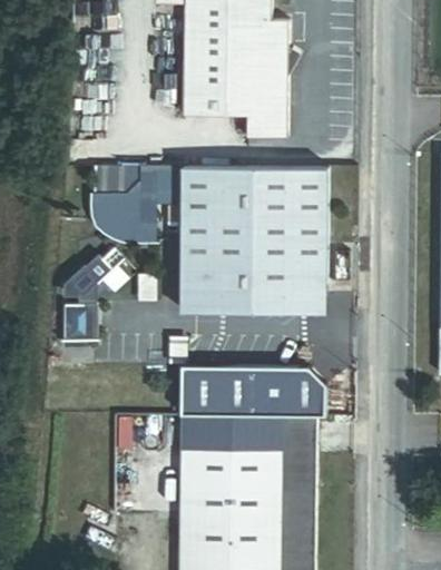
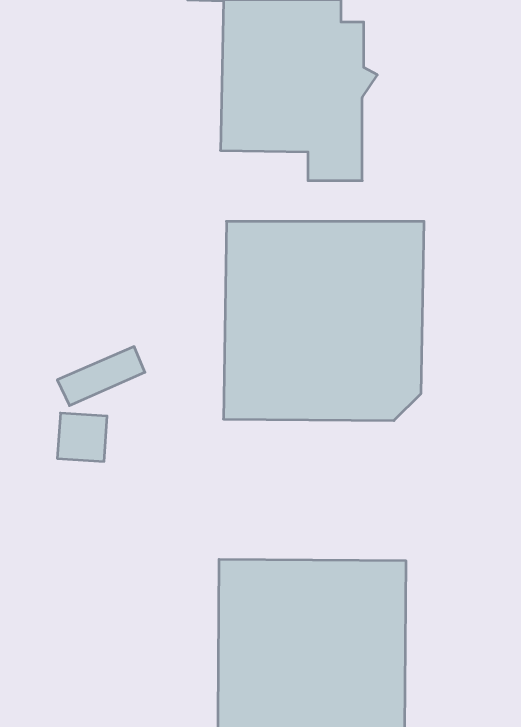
building: [90,168,179,244] -> none
building: [180,370,325,416] -> none

